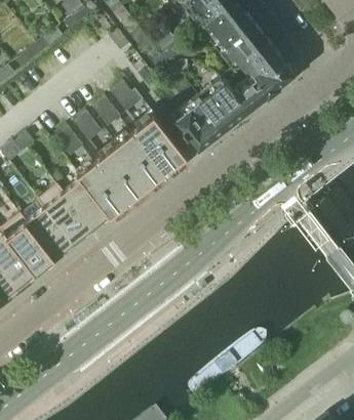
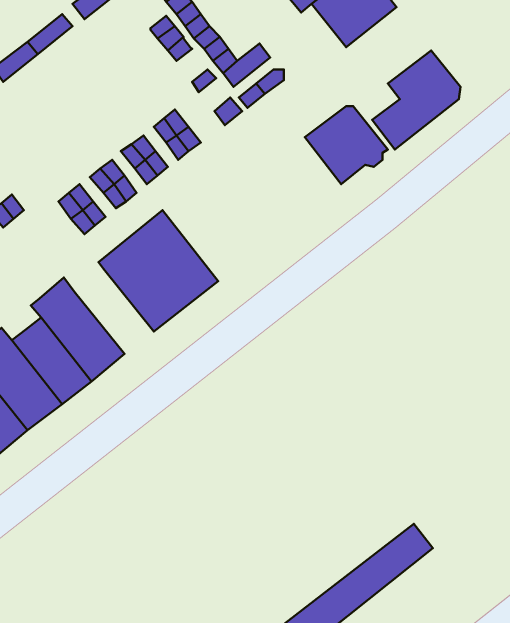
building: [224,24,274,71] -> none
building: [173,100,221,152] -> none
building: [115,114,186,185] -> none
building: [63,178,110,228] -> none

